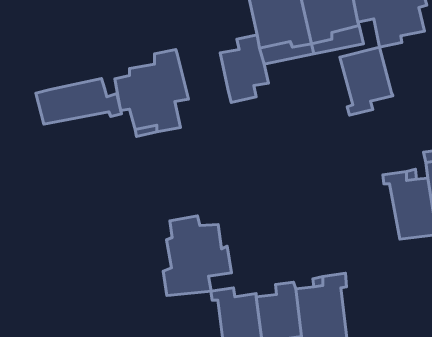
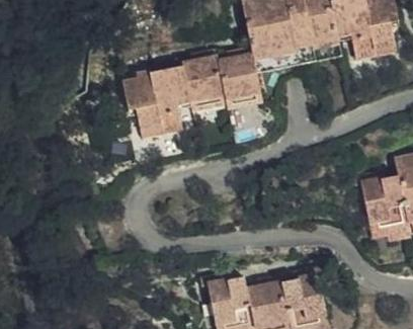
building: none -> [174,50,220,111]
building: [340,47,393,115] -> none
building: [36,79,121,124] -> none
building: [163,216,231,296] -> none

